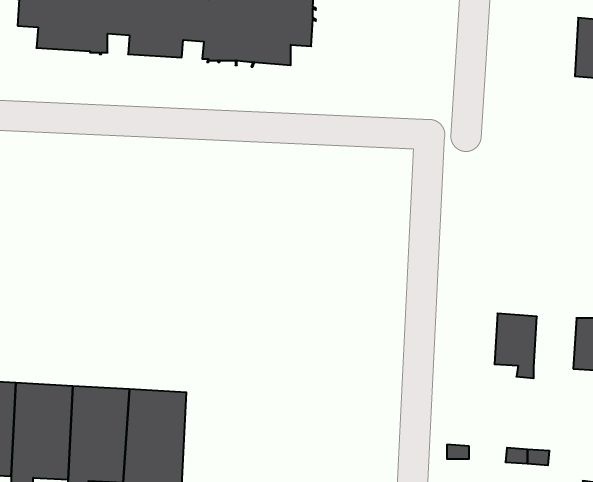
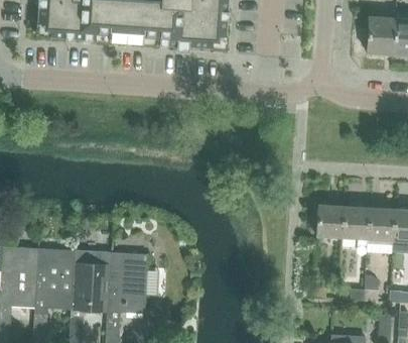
building: none -> [368,14,396,52]
building: none -> [316,203,345,236]
building: none -> [368,206,395,239]

